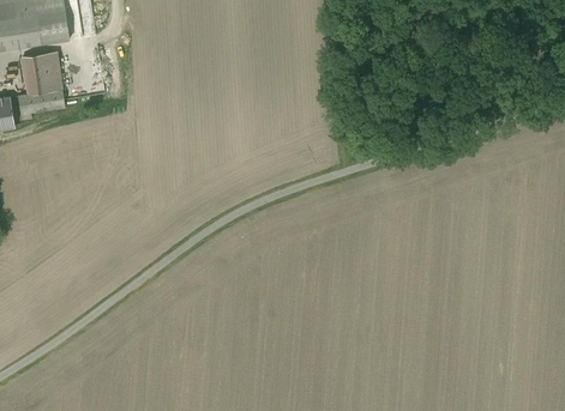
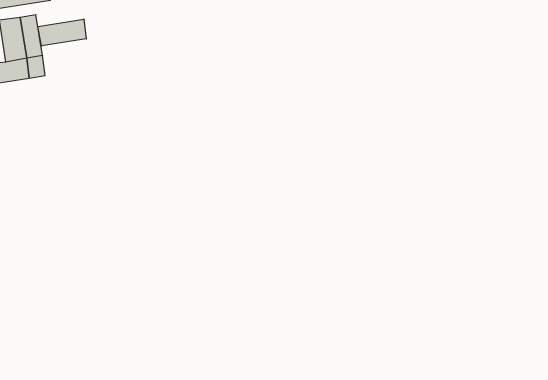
building: none -> [38,19,86,46]

